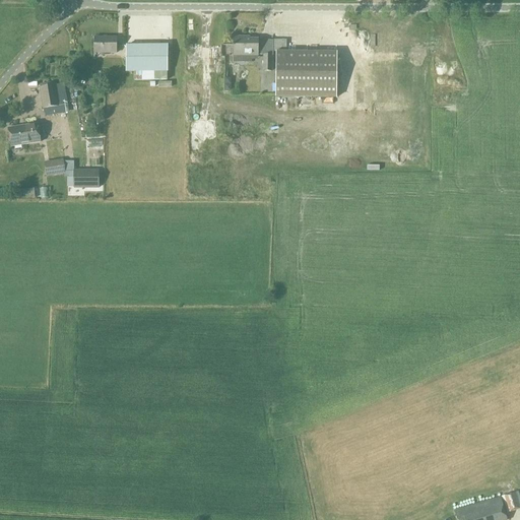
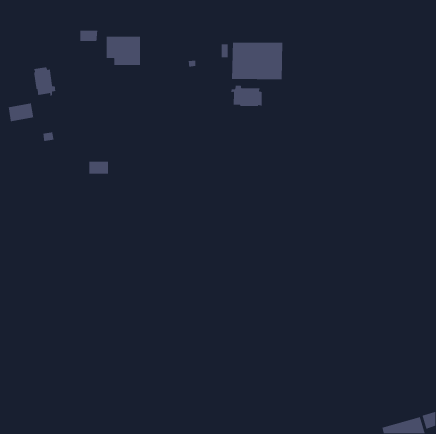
building: [234,36,258,53] -> none
building: none -> [230,85,263,107]
building: [72,168,96,184] -> [88,161,109,175]

